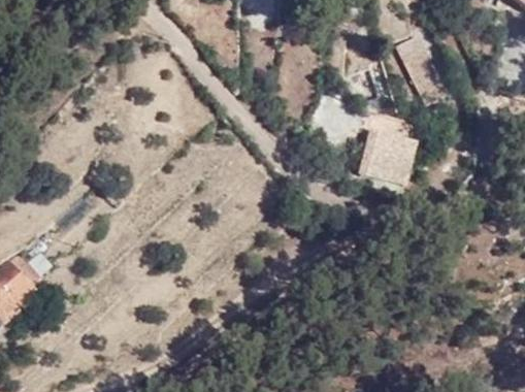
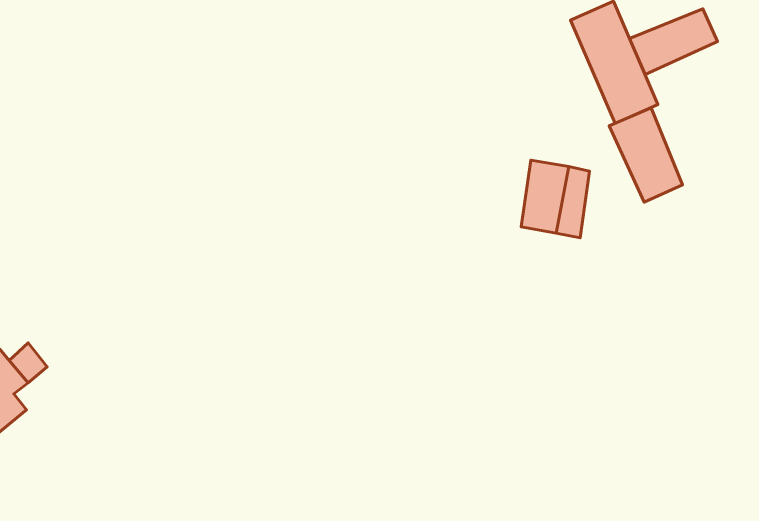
building: none -> [630,9,718,74]
building: none -> [609,108,682,202]

